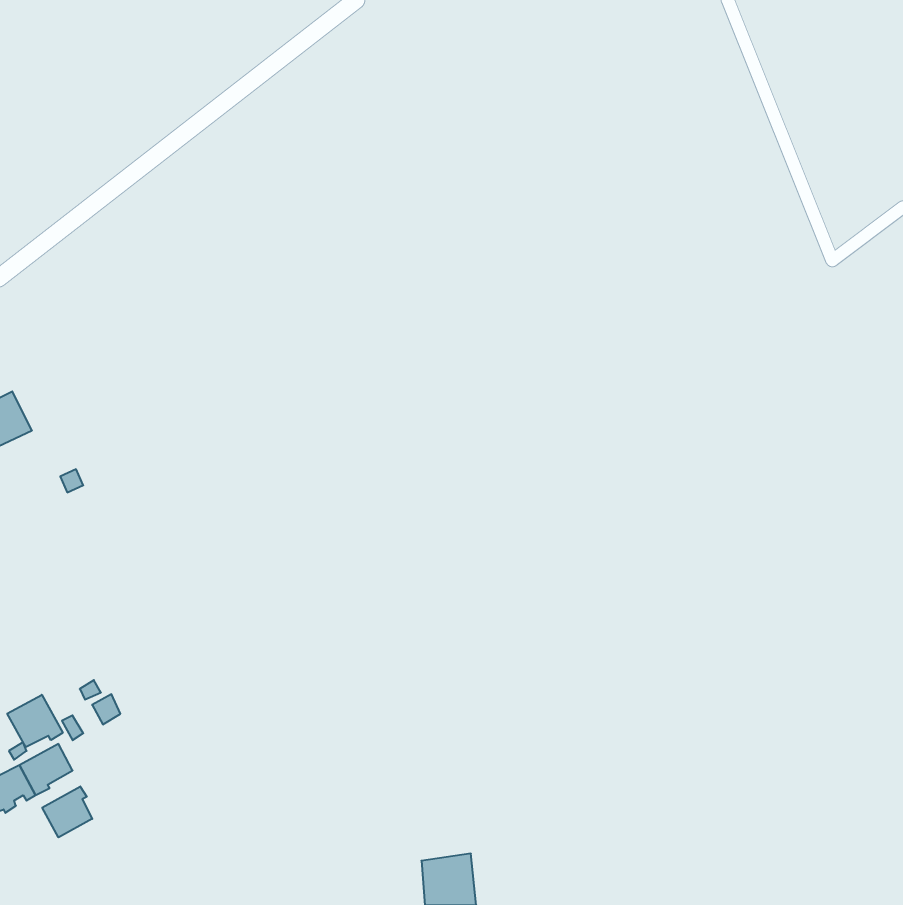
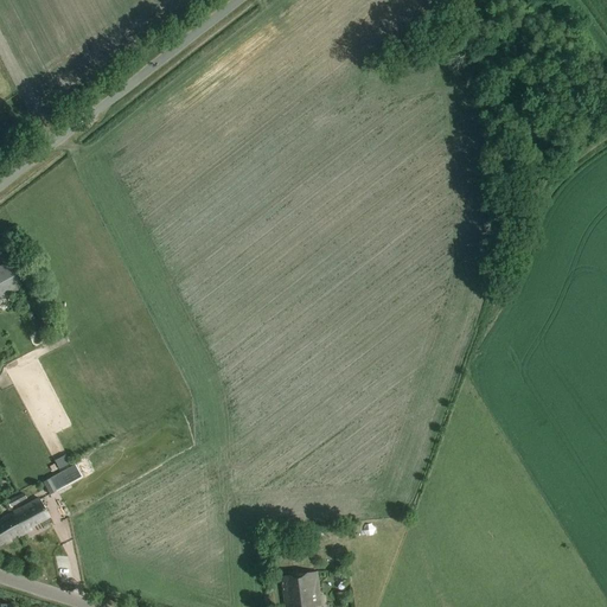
building: [7,695,63,747] -> none
building: [42,786,92,837] -> none

